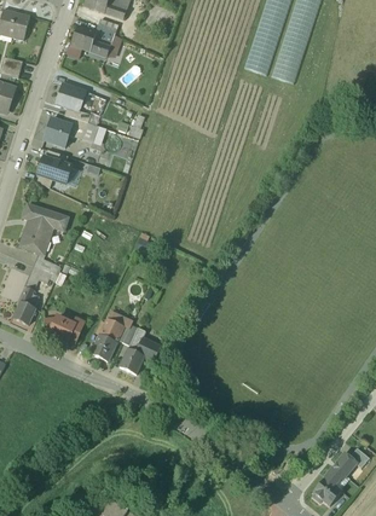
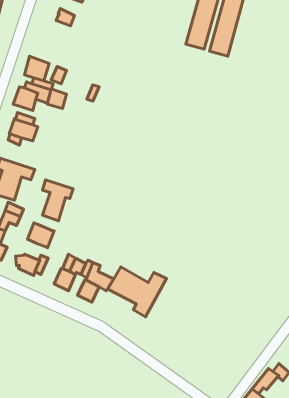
building: [71,25,110,56] -> none
building: none -> [42,180,73,221]
building: none -> [28,223,54,248]
building: none -> [108,267,167,317]

